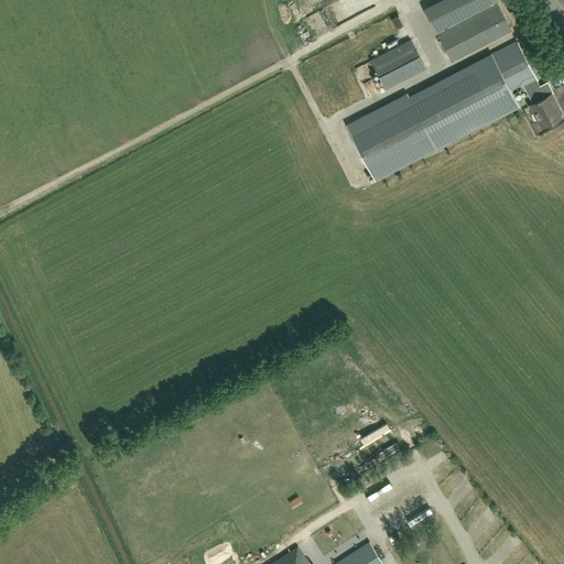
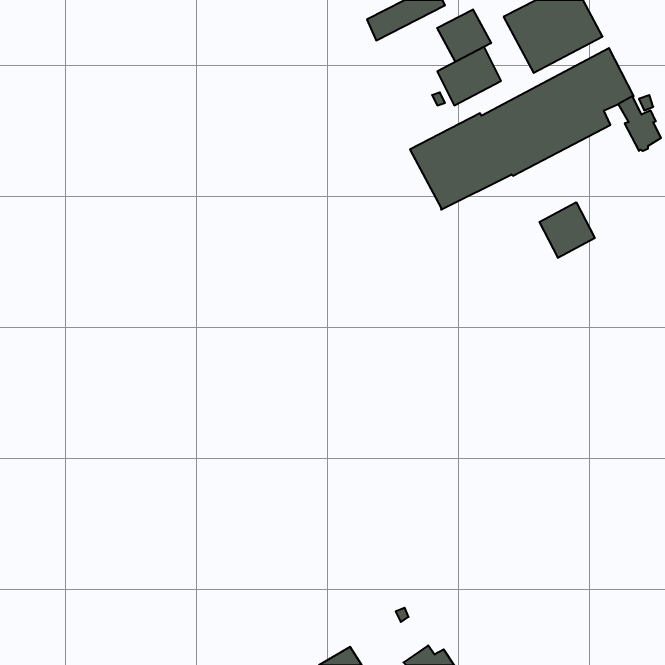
building: none -> [437,9,491,62]
building: none -> [539,202,595,258]

